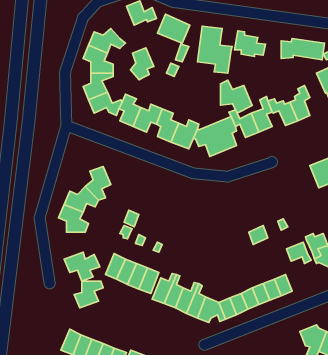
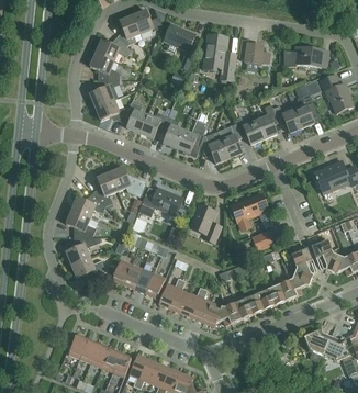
building: [130,48,154,80] -> [118,14,141,46]
building: [221,80,252,113] -> none
building: none -> [110,167,146,196]
building: none -> [139,187,183,215]
building: none -> [232,193,270,229]
building: none -> [191,204,221,242]
building: none -> [290,261,316,295]
building: [74,281,103,308] -> [66,237,94,263]

